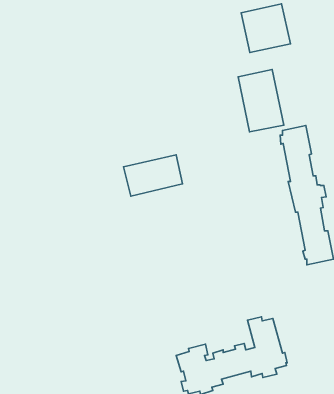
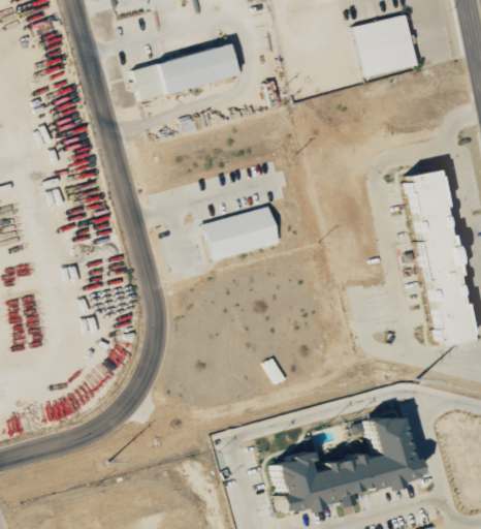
building: none -> [136,45,242,99]
building: [238,70,284,132] -> none

